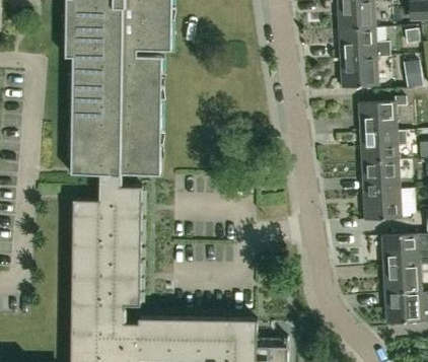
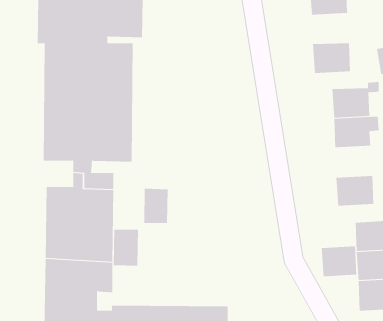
building: [338,27,384,58] -> none
building: [361,159,400,191] -> none
building: none -> [144,188,168,224]
building: none -> [113,229,138,267]
building: none -> [321,246,357,277]

